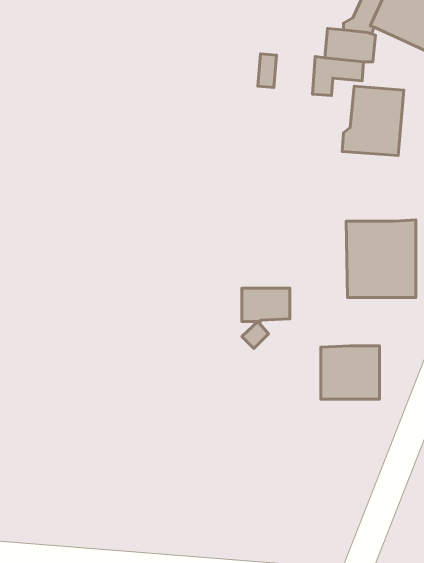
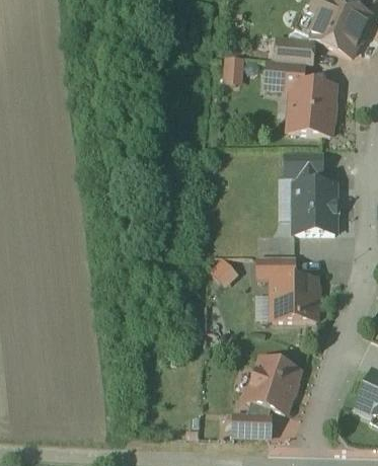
building: none -> [286,154,327,182]
building: [242,288,290,322] -> [257,253,294,279]
building: none -> [246,355,299,410]
building: none -> [233,411,271,434]

